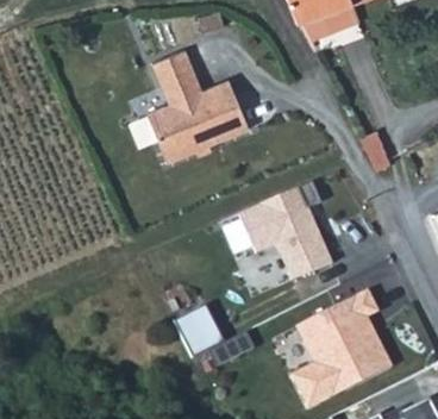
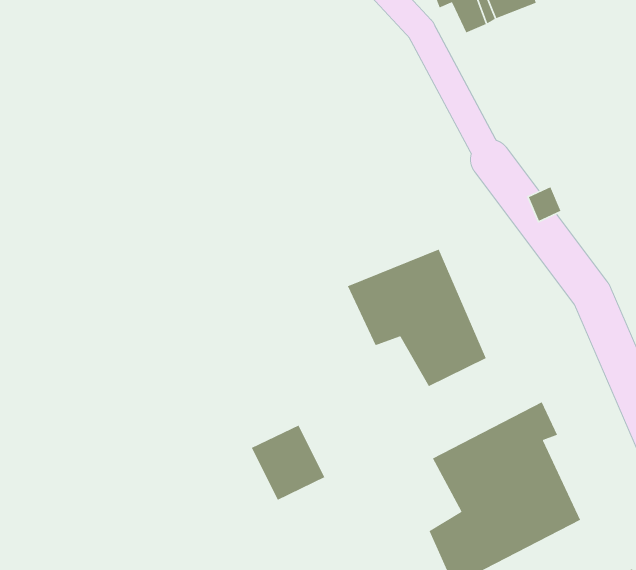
building: [146,50,248,162] -> none

